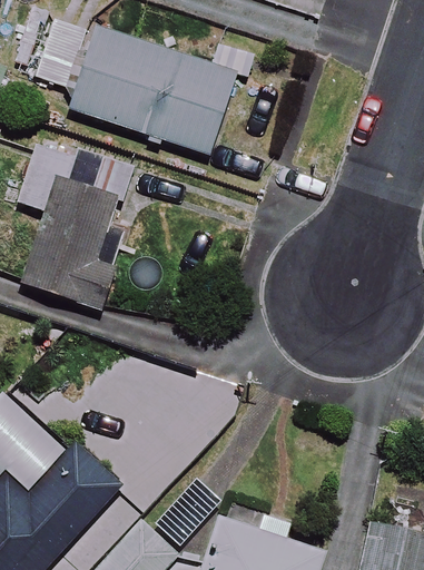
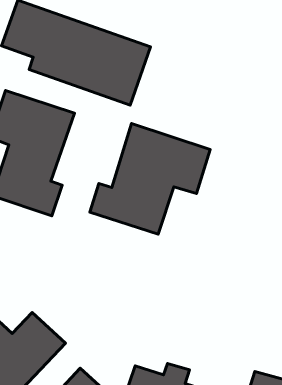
building: none -> [90,124,210,234]

